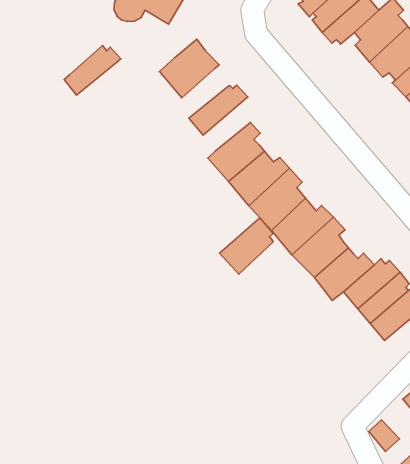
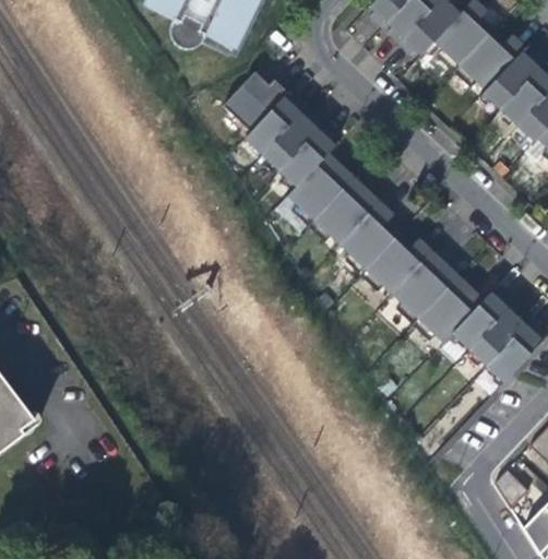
building: [64,45,121,95] -> [247,95,308,153]
building: none -> [279,123,337,187]
building: [220,218,273,274] -> none

